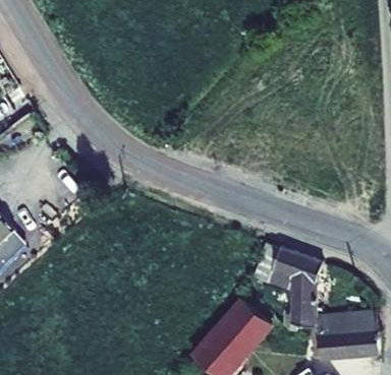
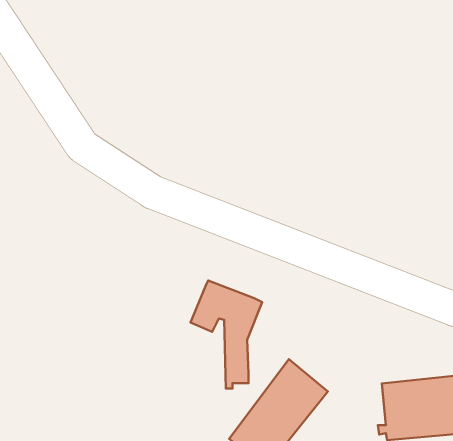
building: [267,250,321,331] -> [191,281,262,388]

